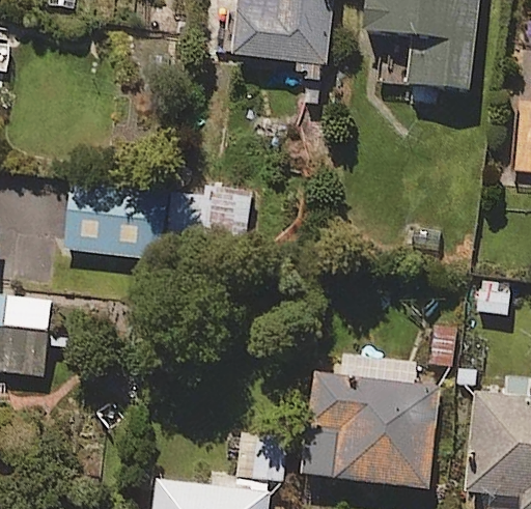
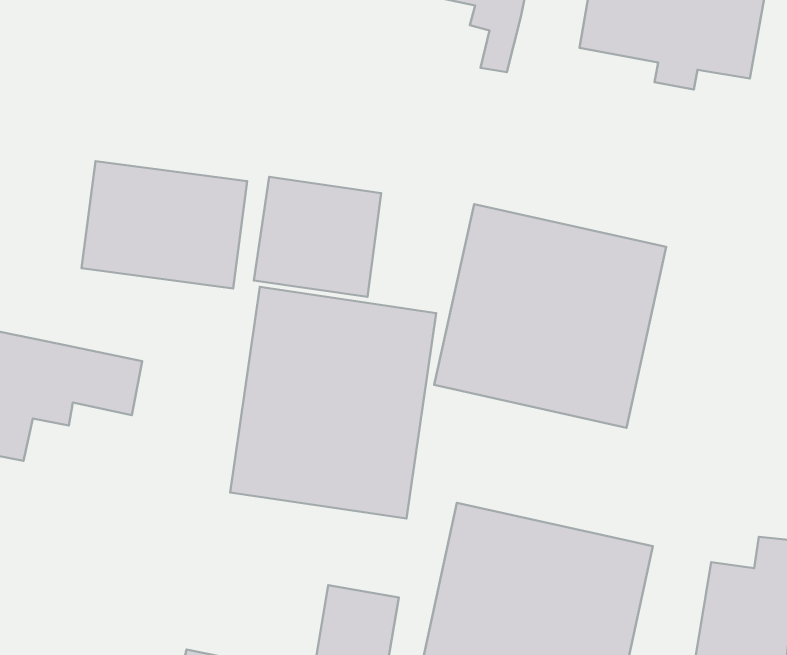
building: none -> [434,204,666,428]
building: none -> [230,287,436,519]

